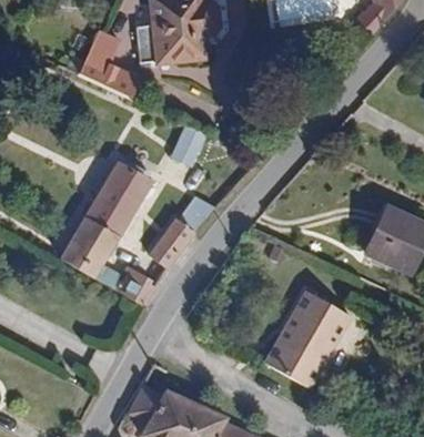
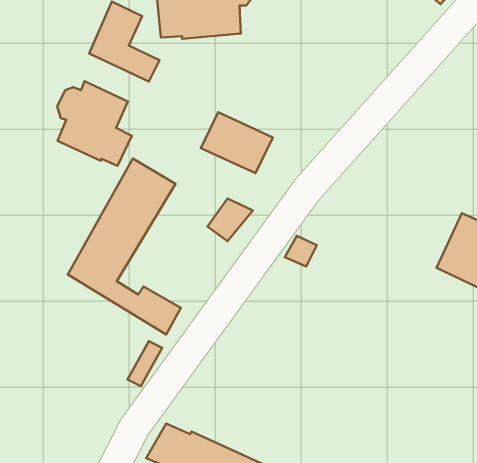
building: none -> [57,81,132,166]
building: [148,215,194,268] -> none
building: [266,289,351,388] -> none

